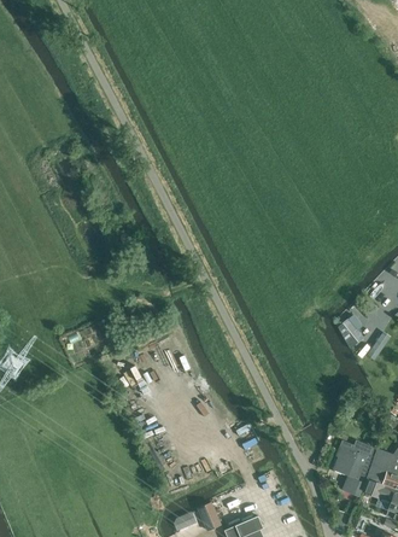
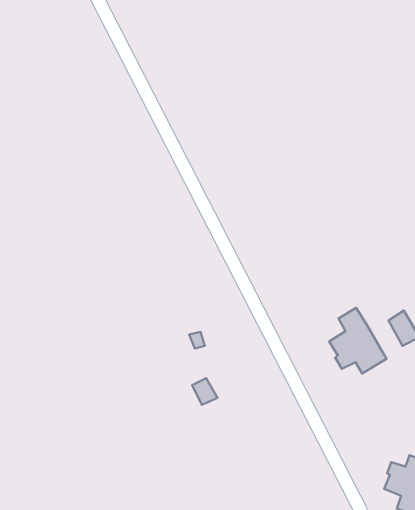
building: none -> [329,308,386,373]

